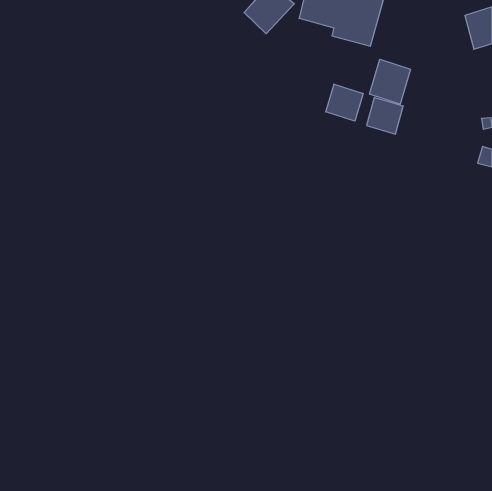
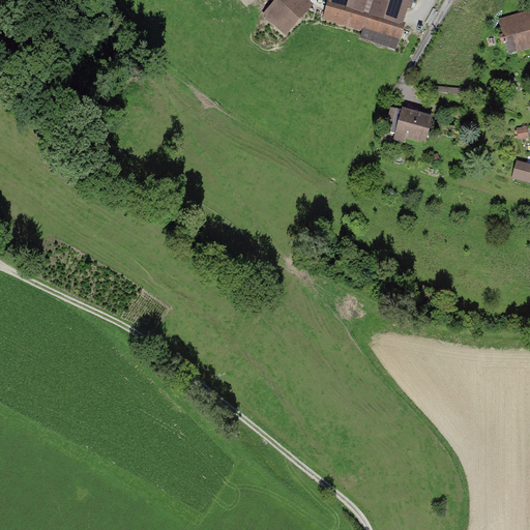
building: [369,59,411,104] -> none
building: [326,84,363,121] -> none

